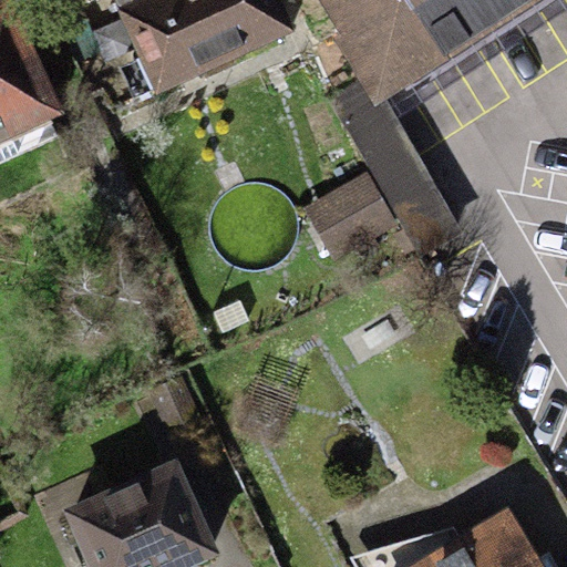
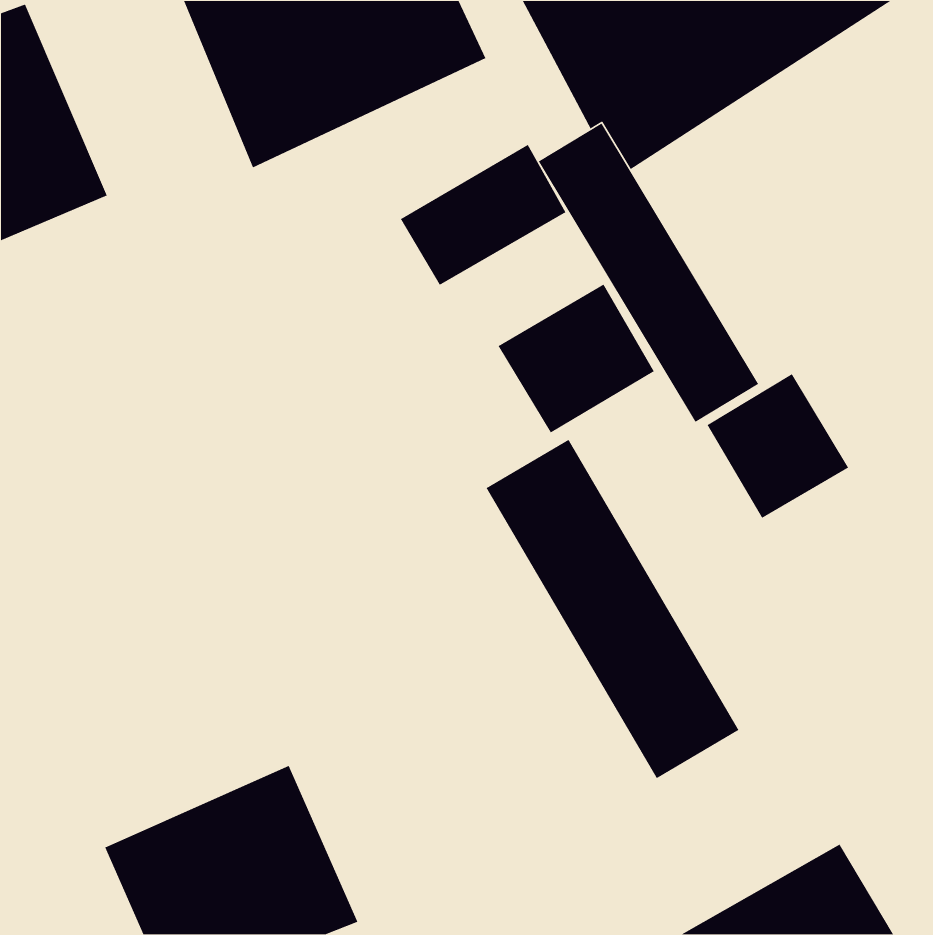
building: none -> [400,144,566,286]
building: none -> [706,373,849,519]
building: none -> [486,439,740,779]

